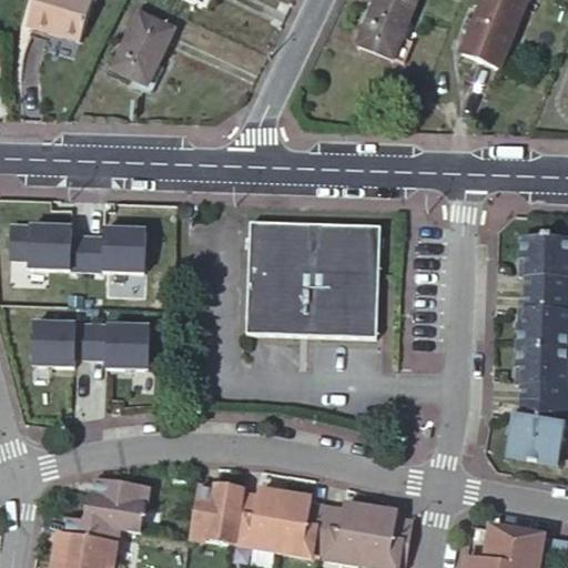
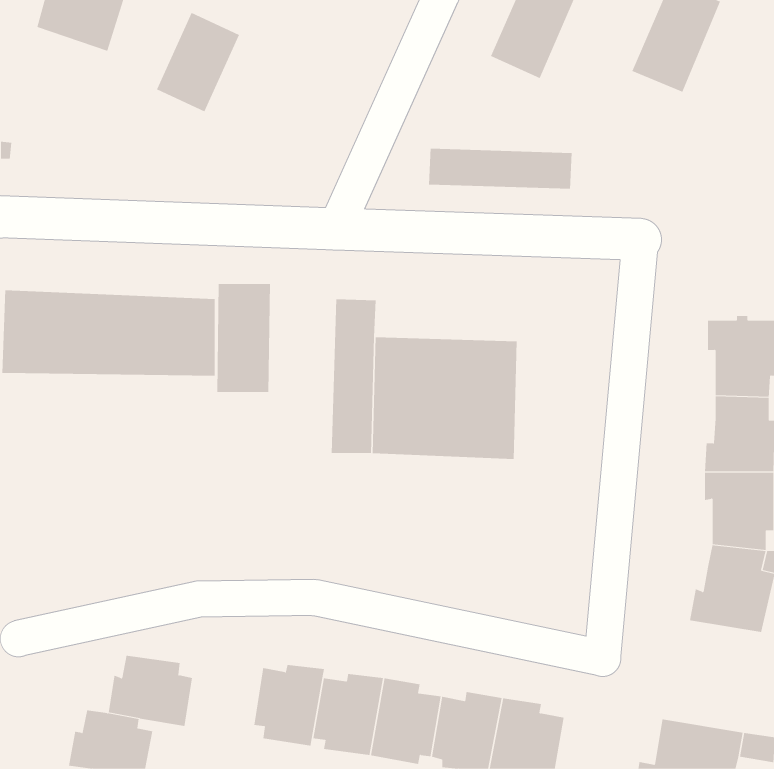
building: none -> [217,283,271,393]
building: [275,220,381,250] -> [428,148,572,189]
building: [33,326,150,372] -> none

